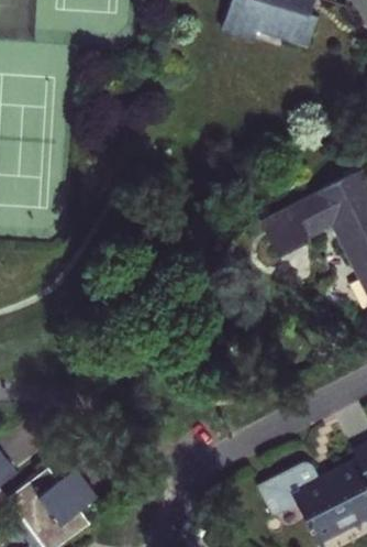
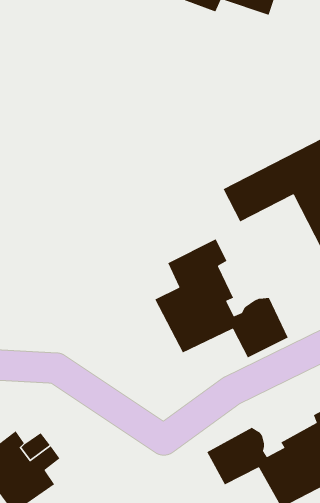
building: none -> [154,238,289,358]

